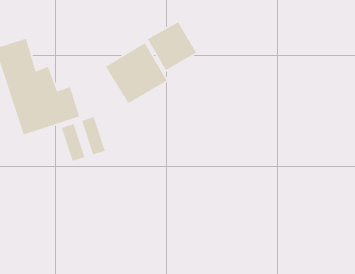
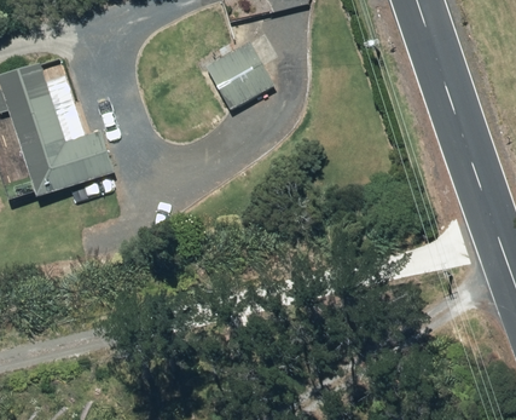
building: [105,42,168,104] -> none

